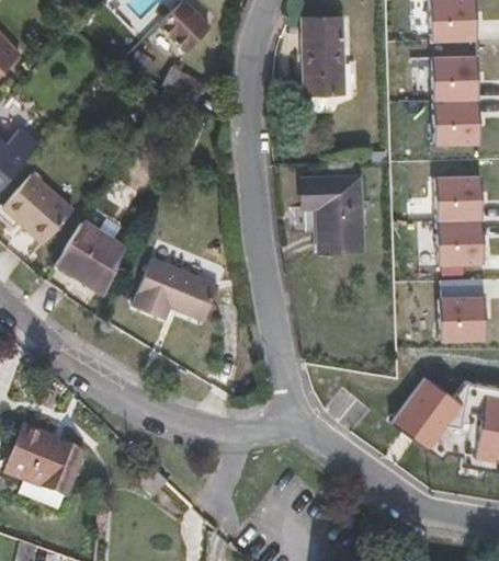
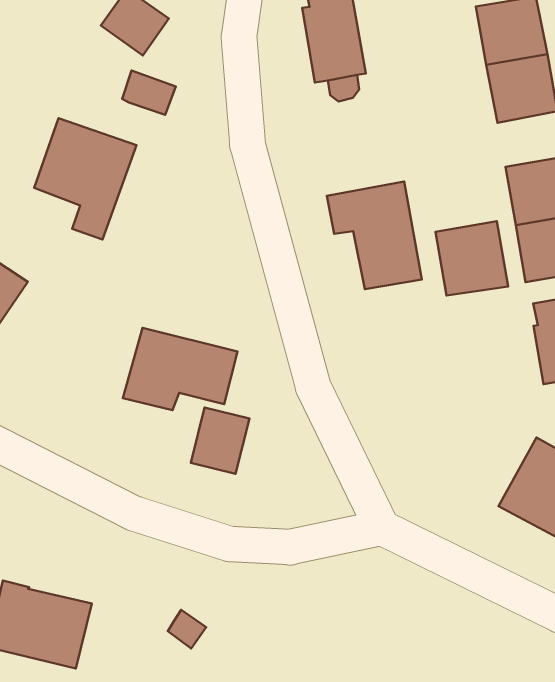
building: none -> [34,118,136,240]
building: none -> [436,221,508,295]
building: [55,220,124,290] -> none
building: none -> [191,407,249,474]

